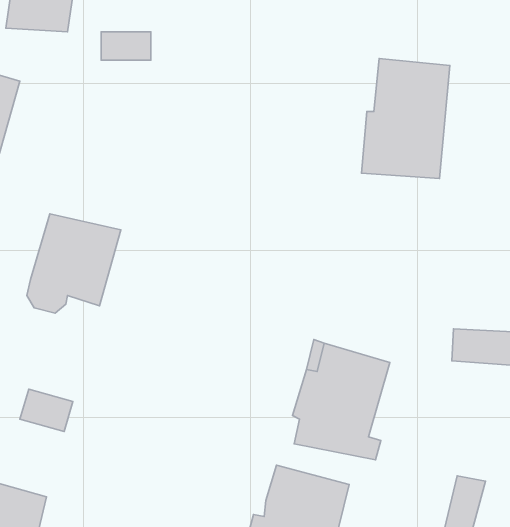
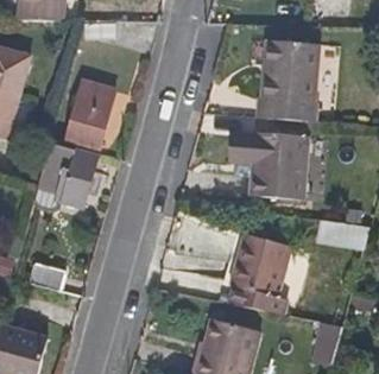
building: none -> [62,74,116,145]
building: none -> [234,133,308,199]

